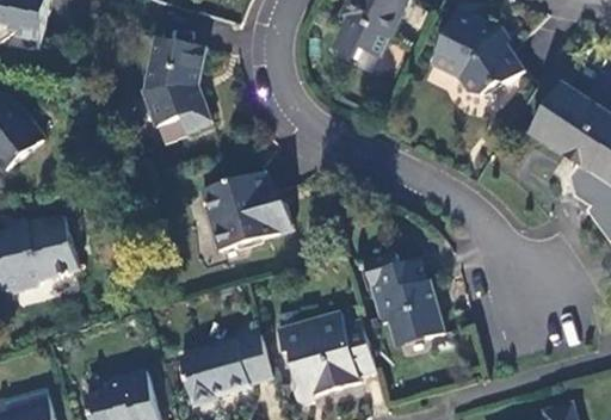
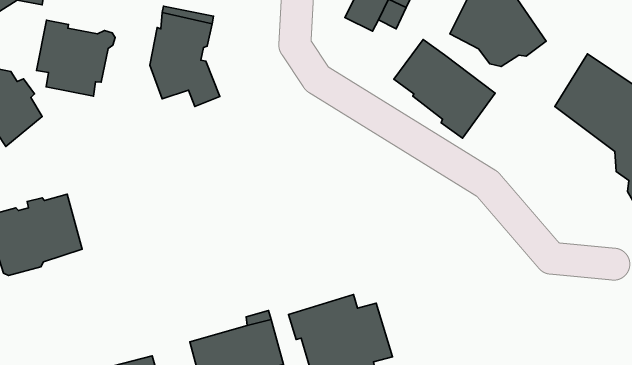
building: none -> [36,20,115,96]
building: none -> [394,40,495,138]
building: [199,173,291,251] -> none
building: [363,253,444,340] -> none

